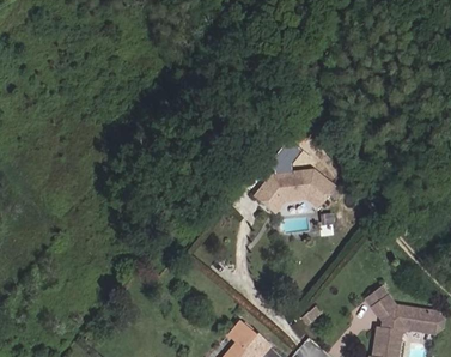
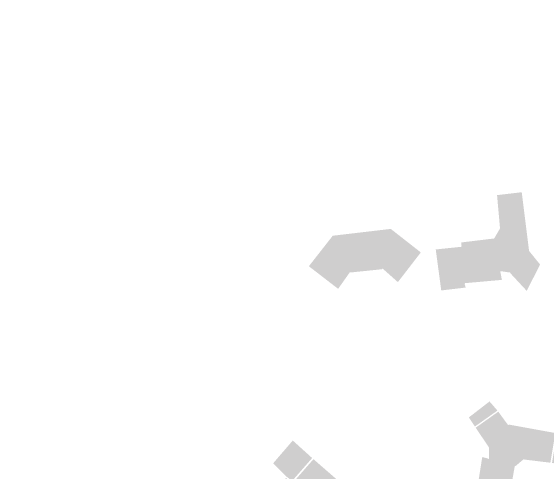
building: none -> [435,192,541,292]

